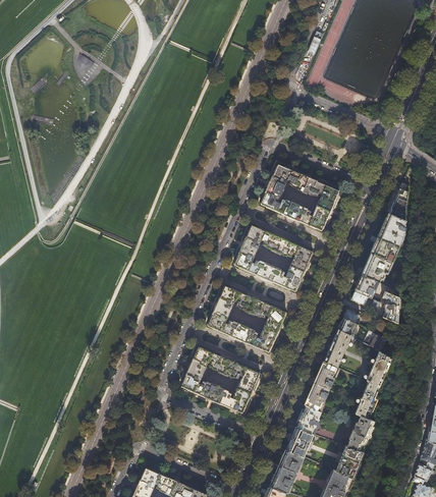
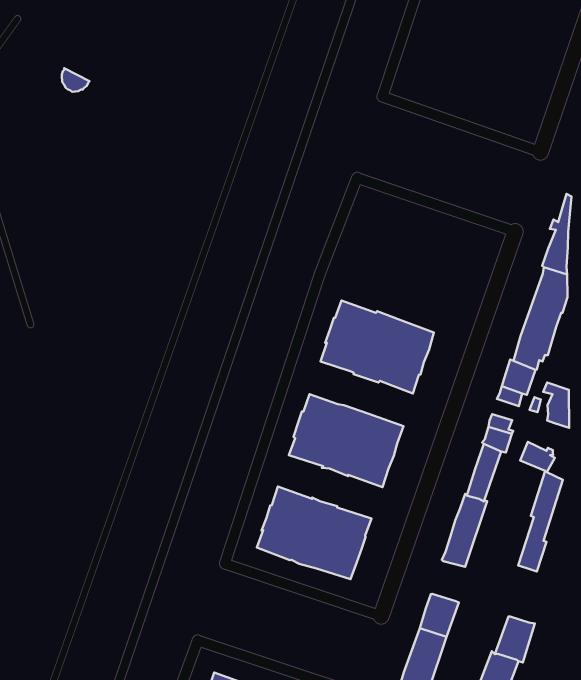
building: [261,164,339,230] -> none
building: [296,405,321,434] -> none
building: [347,415,375,451] -> none

